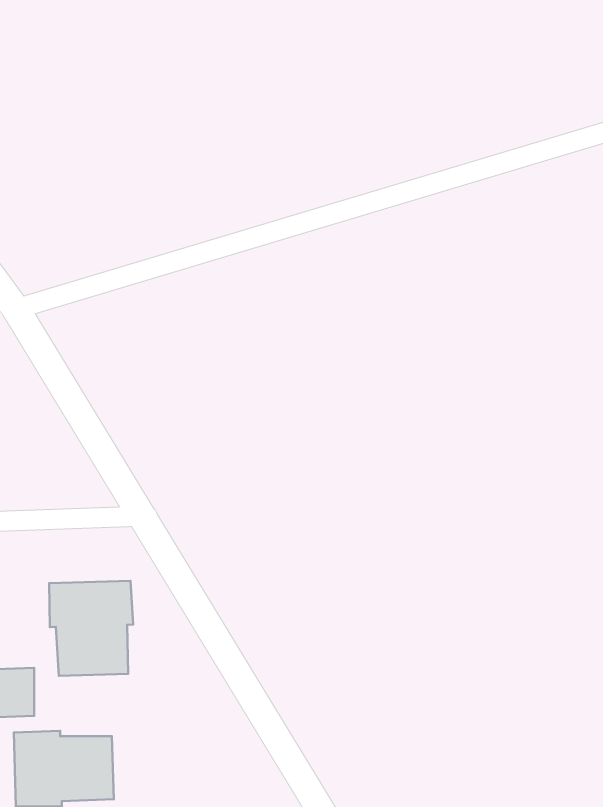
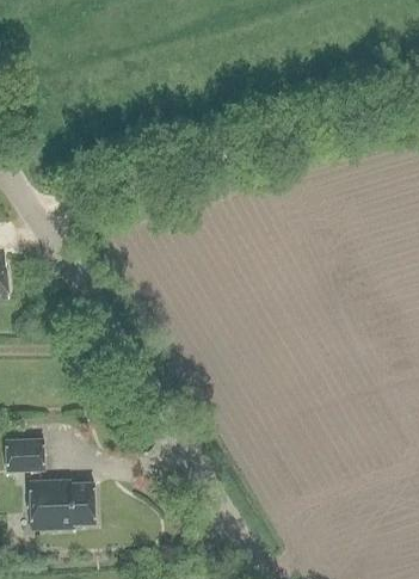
building: [49,581,133,676] -> none

